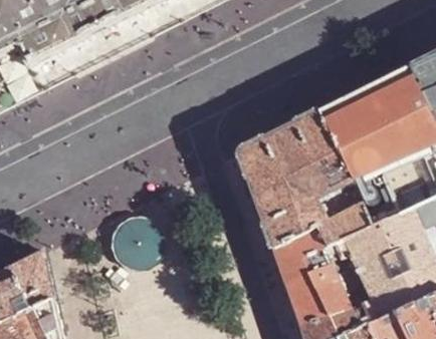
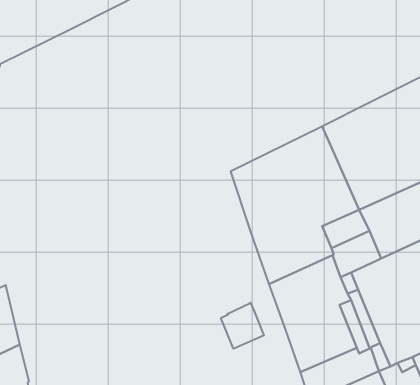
building: [104,210,158,263] -> none
building: none -> [221,303,264,349]

